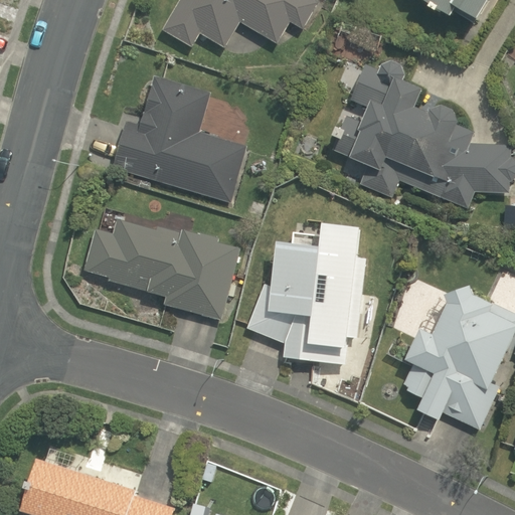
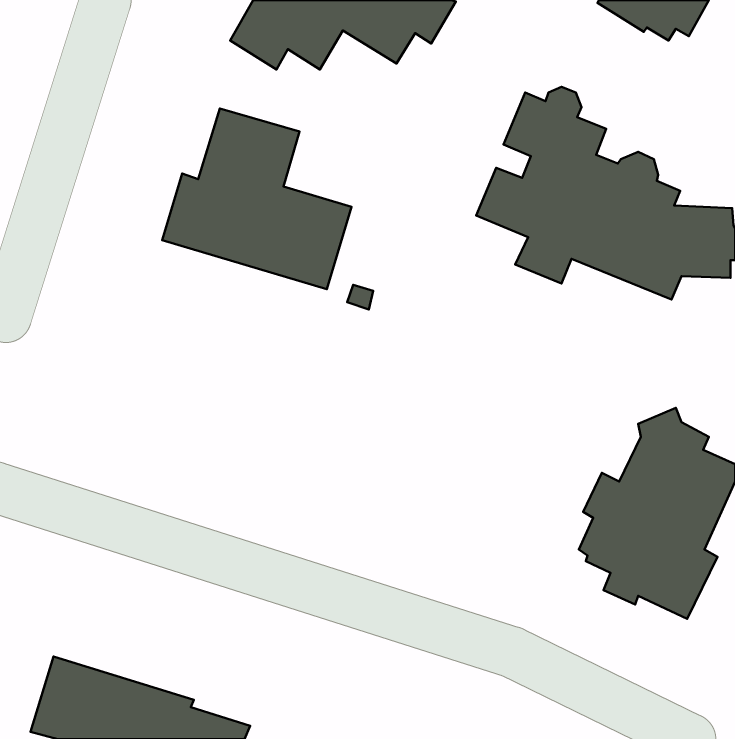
building: [83,217,241,319] -> none
building: [246,221,367,364] -> none

